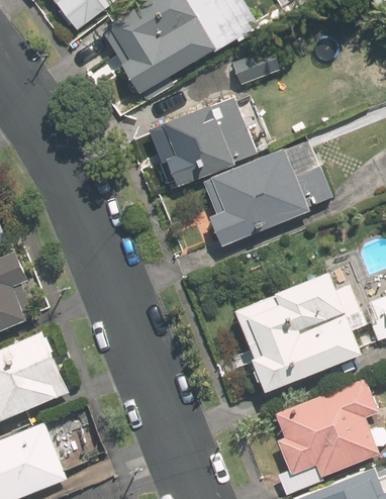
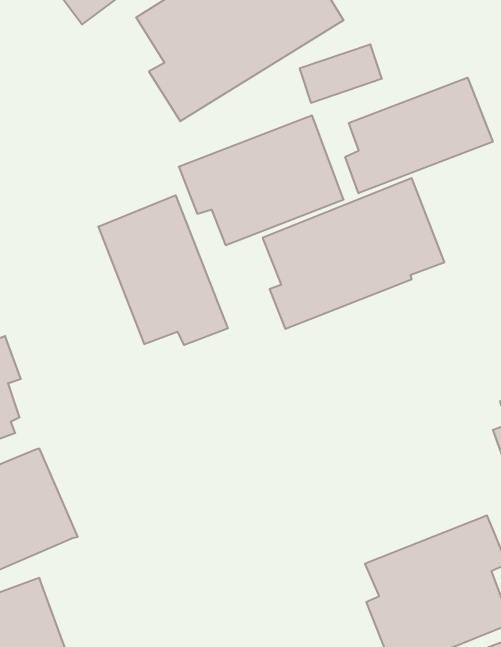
building: none -> [345,78,493,193]
building: none -> [98,195,228,345]
building: [233,271,362,392] -> none

